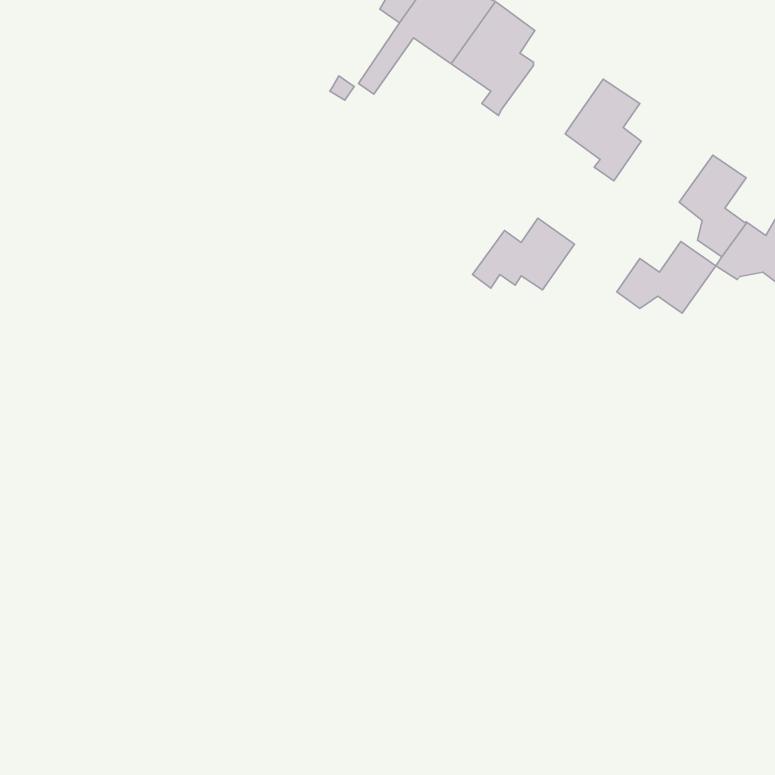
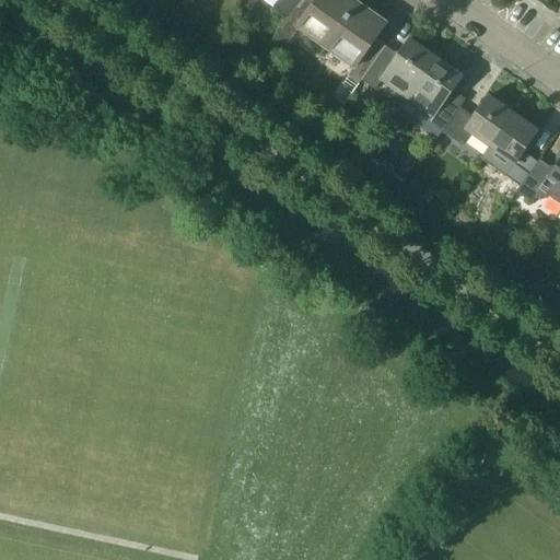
building: [473,218,574,290] -> [362,38,435,90]
building: [617,242,716,313] -> [443,94,514,145]

